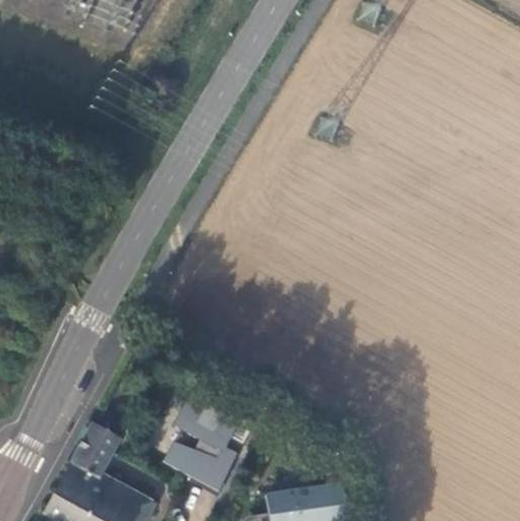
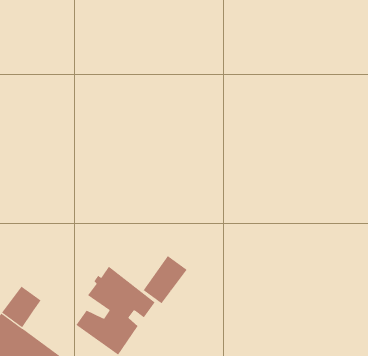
building: none -> [143,255,188,304]

